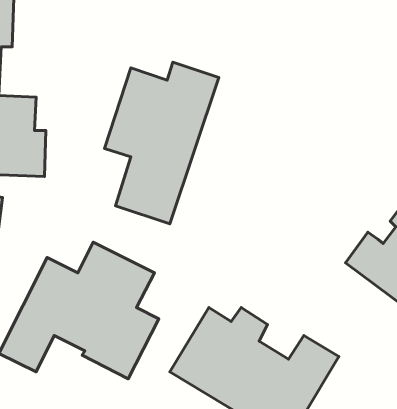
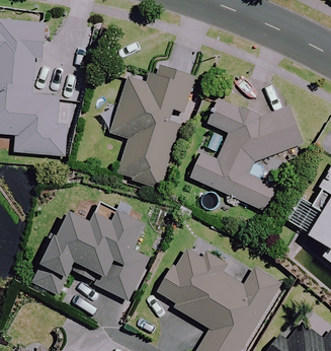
building: none -> [189,102,301,211]

